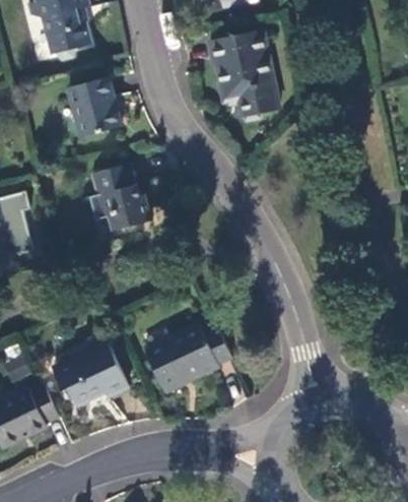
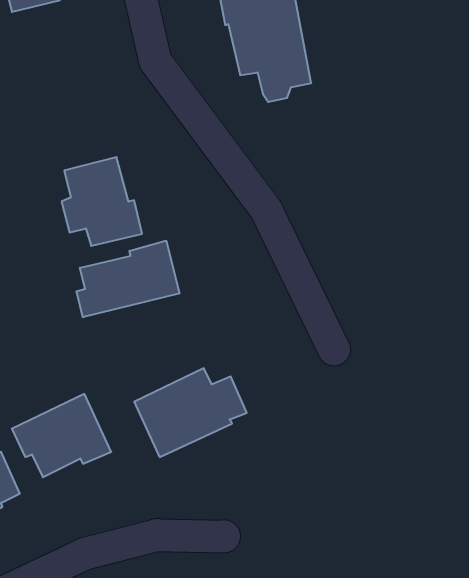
building: [68,77,121,137] -> none
building: none -> [77,241,180,317]

